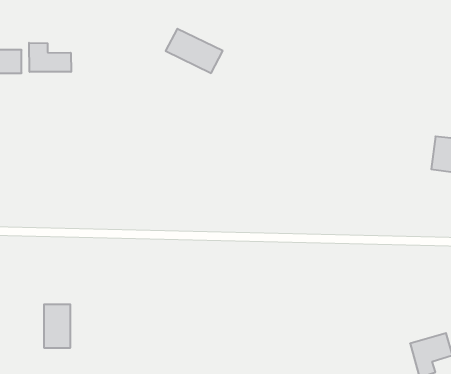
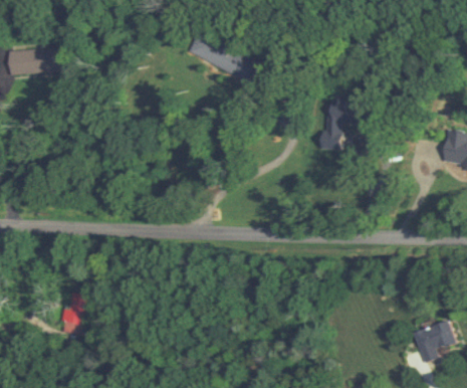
building: [29,43,71,72] -> none
building: none -> [320,112,353,150]

